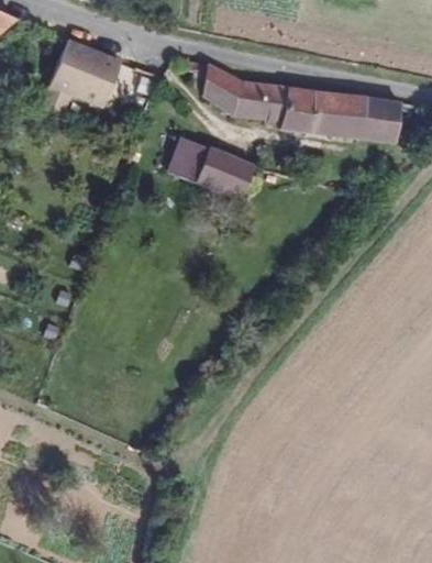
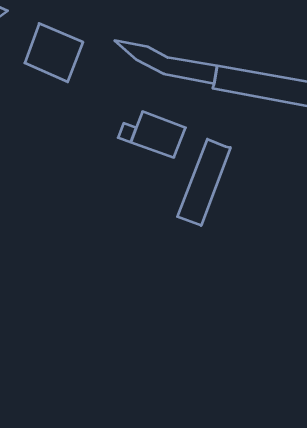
building: none -> [177,139,230,226]

